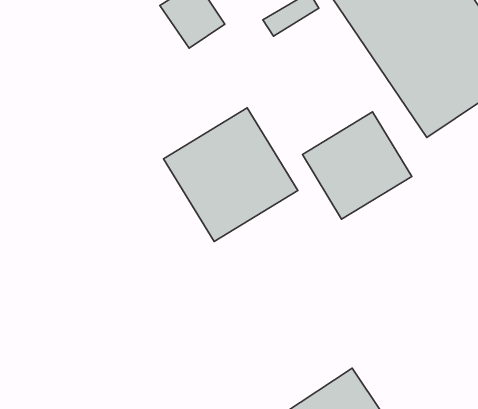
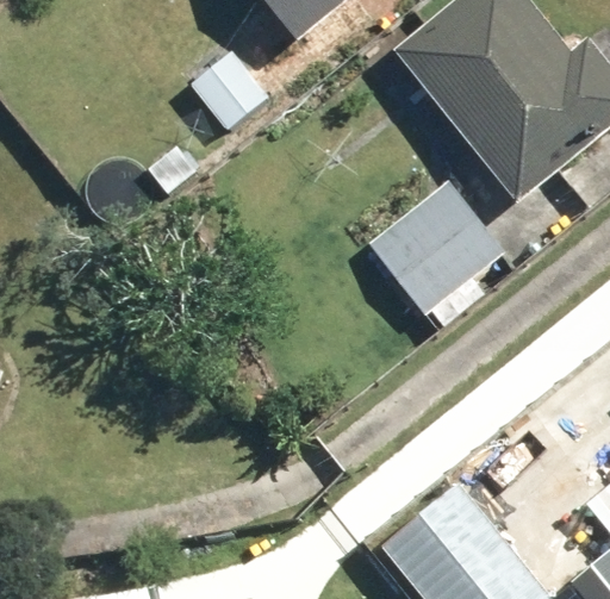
building: [164,108,298,242] -> none

